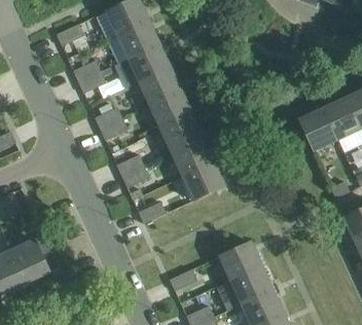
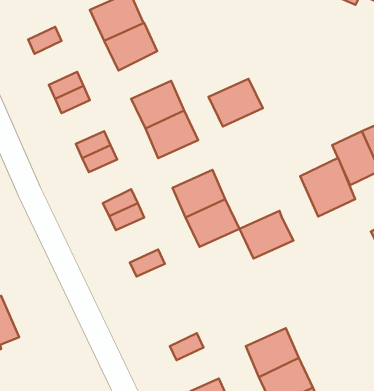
building: [129,44,171,82] -> none
building: [160,115,204,153] -> [209,79,263,126]
building: none -> [300,158,355,216]
building: [219,242,262,280] -> [239,211,294,259]

